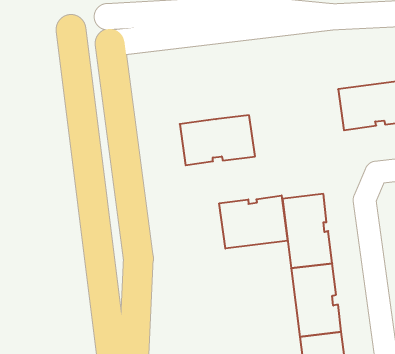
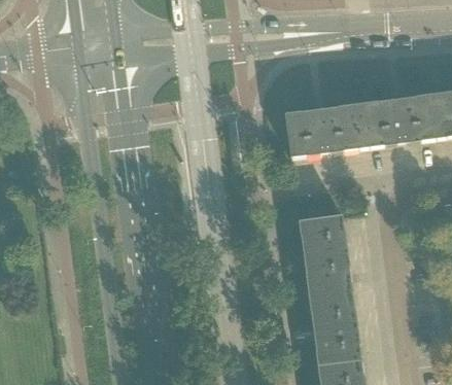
building: [180,115,255,165] -> [285,104,364,156]
building: [219,195,288,249] -> none

